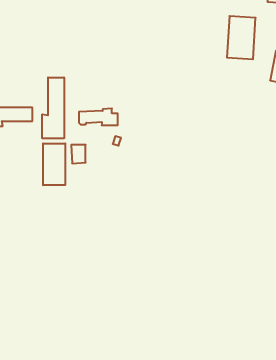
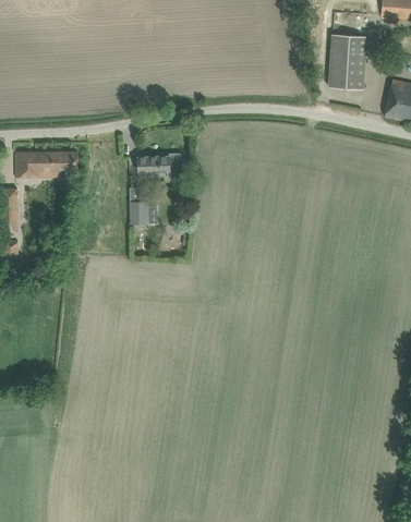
building: [42,77,64,138] -> none
building: [43,143,65,185] -> none

